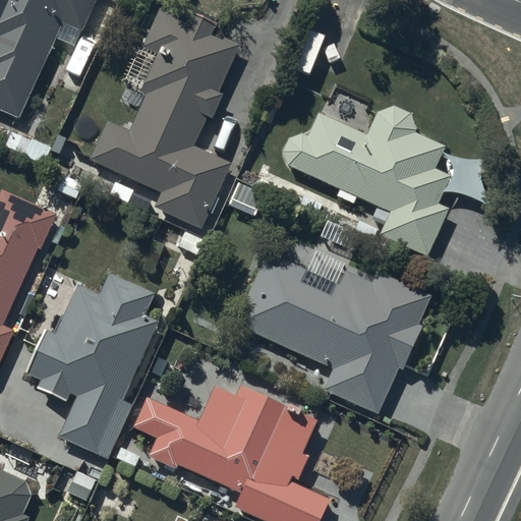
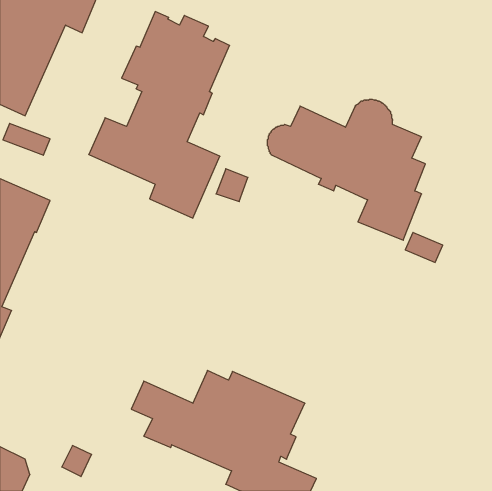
building: [234,248,429,411] -> none
building: [27,273,157,457] -> none

